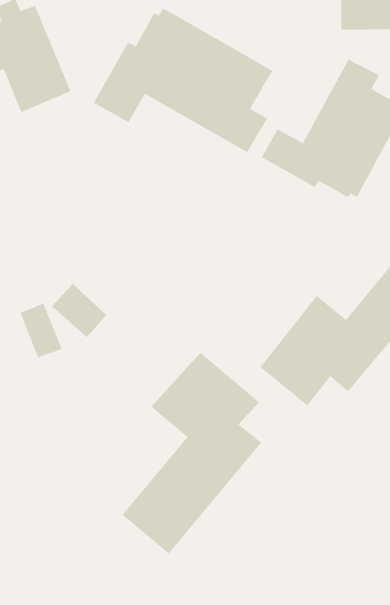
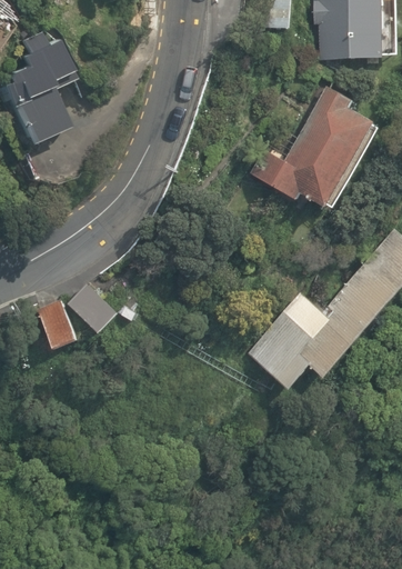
building: [93,7,274,153] -> none
building: [121,352,262,554] -> none

